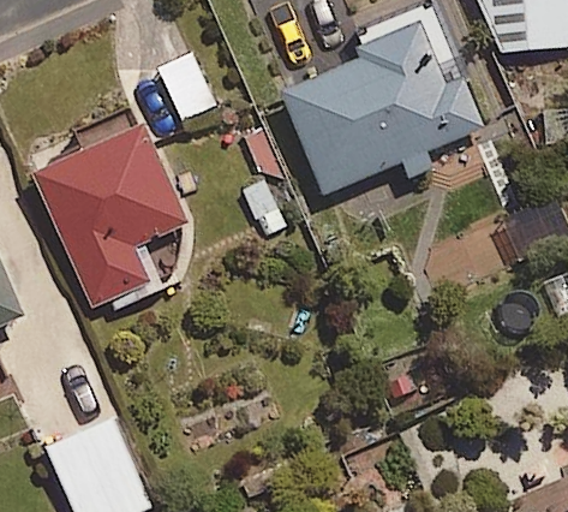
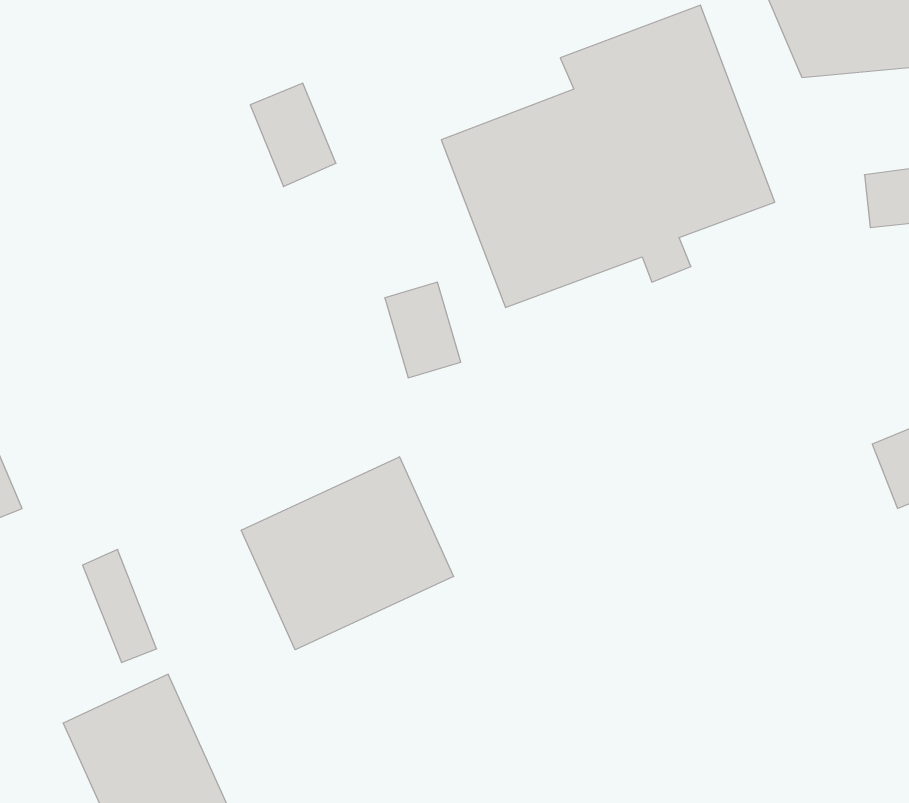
building: [30,121,185,317] -> none
building: none -> [241,457,454,650]

